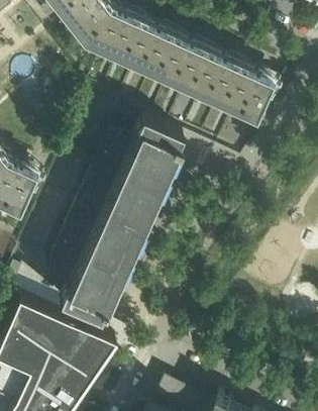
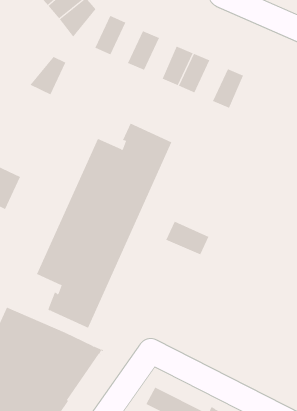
building: [86,10,122,48] -> [30,56,66,95]
building: [123,23,154,64] -> none
building: [156,38,188,79] -> none
building: [206,61,238,101] -> none
building: [240,76,272,116] -> none
building: none -> [165,221,209,255]

